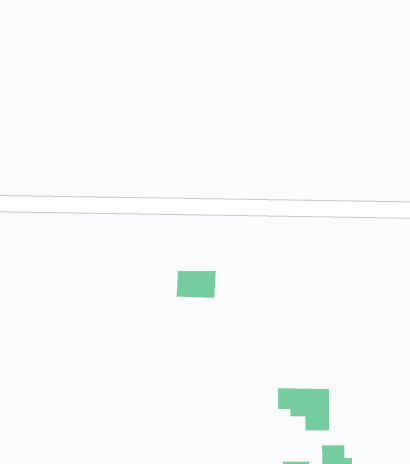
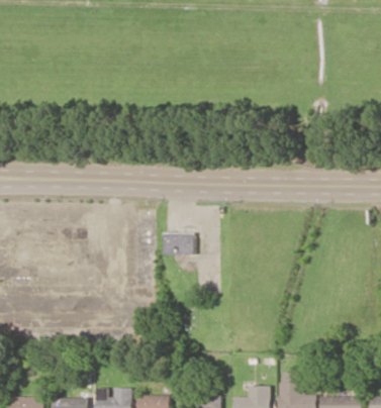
building: [277,387,330,431] -> none

